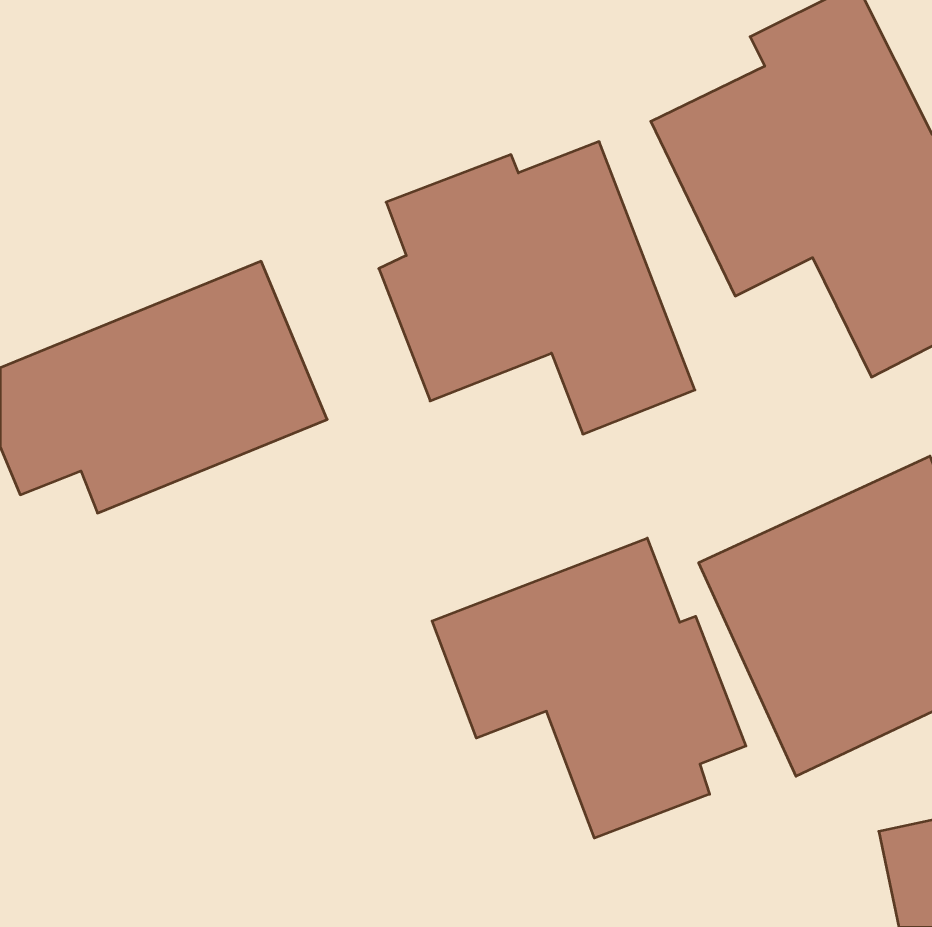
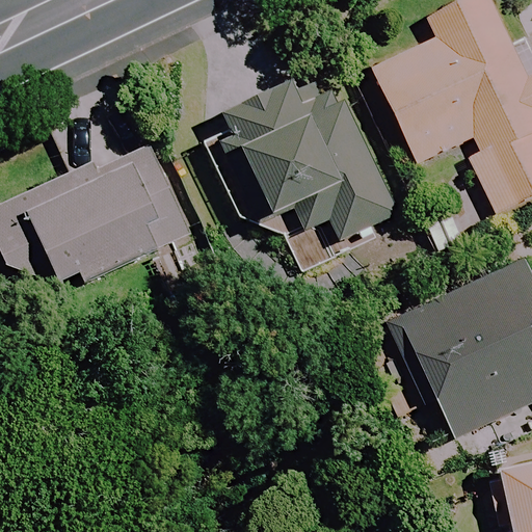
building: [432,538,746,838] -> none

